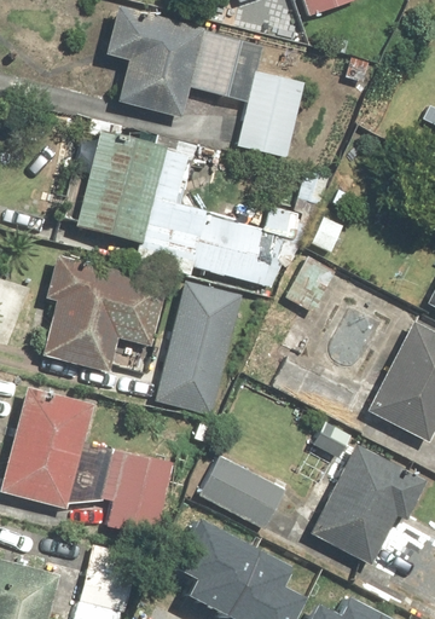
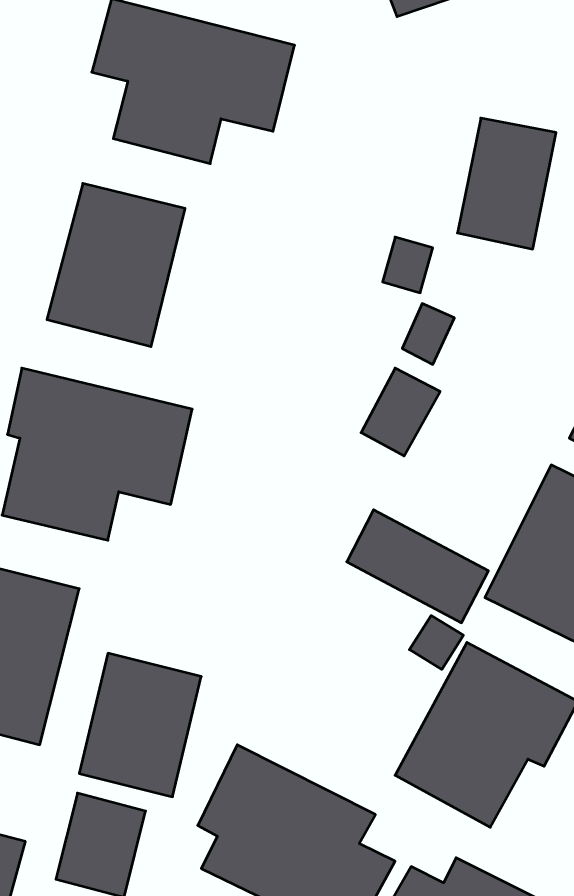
building: [238,70,304,158] -> [457,118,556,249]
building: [137,149,302,288] -> none
building: [153,280,244,413] -> none
building: [199,455,286,531] -> none

